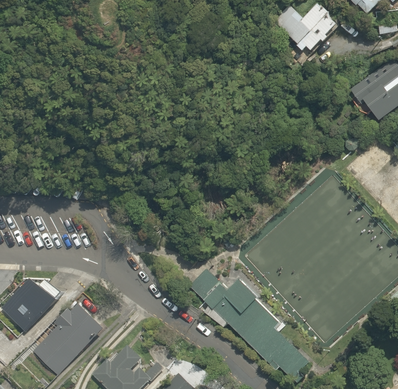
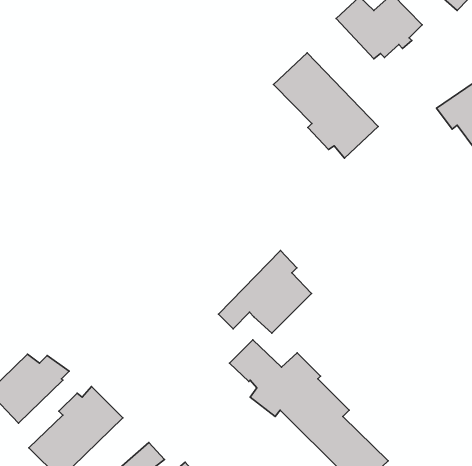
building: none -> [273,53,378,158]
building: none -> [219,250,311,333]

